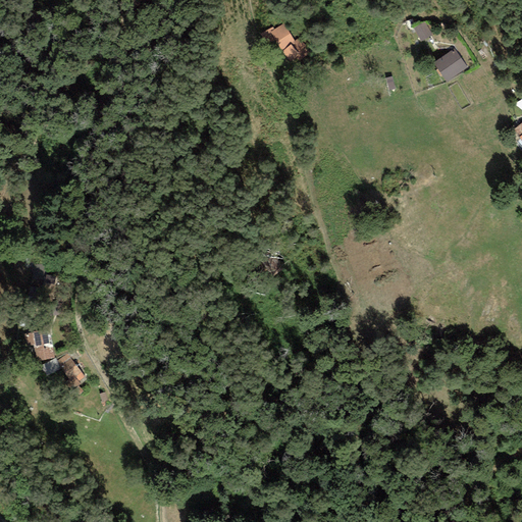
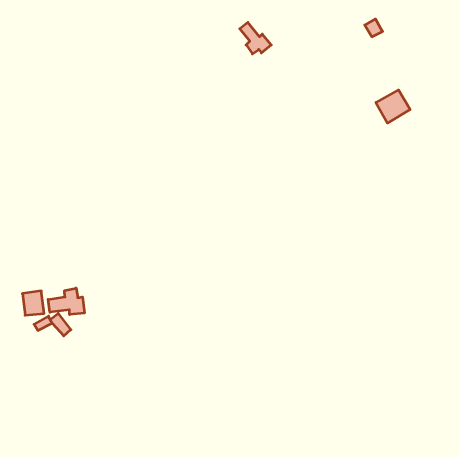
building: [430,46,469,84] -> [376,90,410,123]
building: none -> [48,288,84,315]

